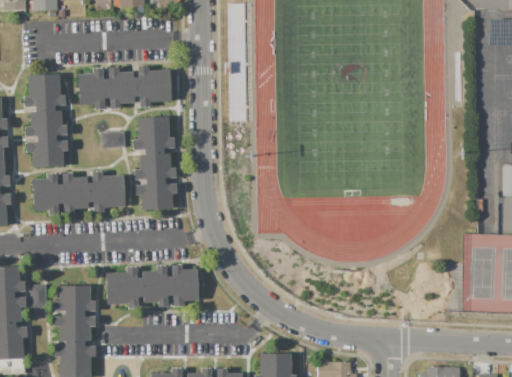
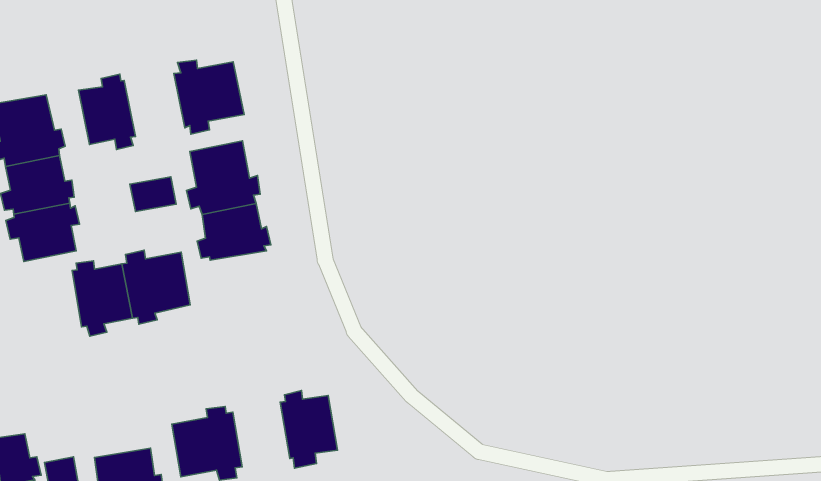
building: [105,68,136,110] -> none
building: [31,174,61,216] -> none
building: [135,181,177,210] -> none
building: [141,266,170,308] -> none

